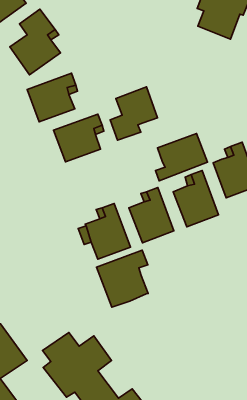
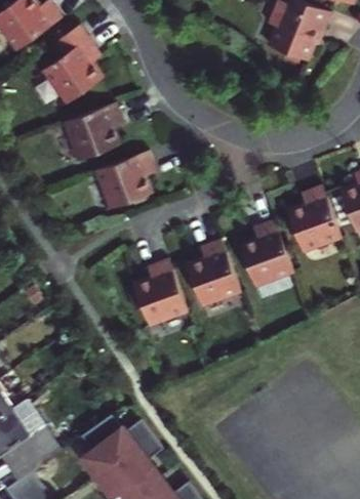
building: [110,87,158,140] -> none
building: [155,133,208,181] -> none
building: [97,250,148,307] -> none

